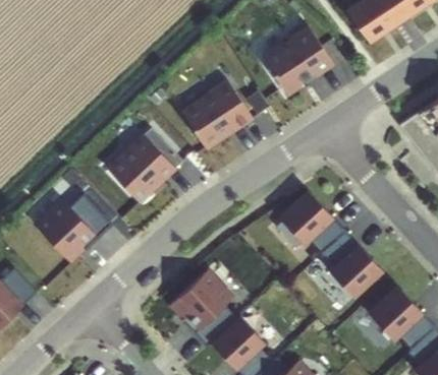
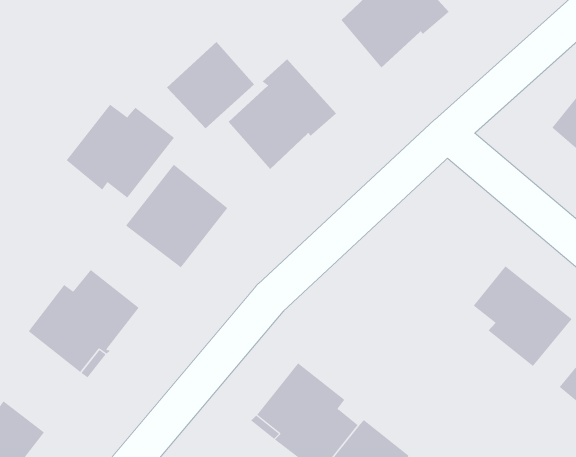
building: none -> [166,41,255,129]
building: none -> [66,104,175,198]
building: [280,188,347,251] -> none

